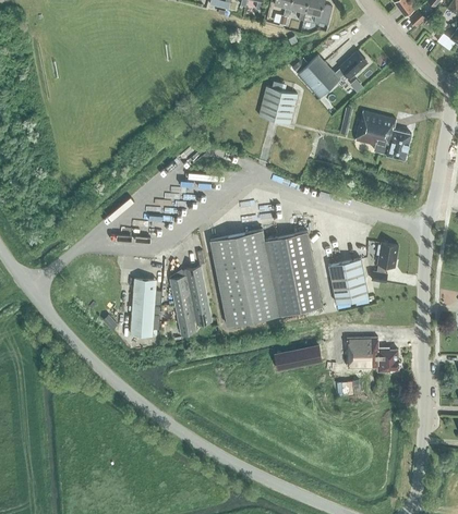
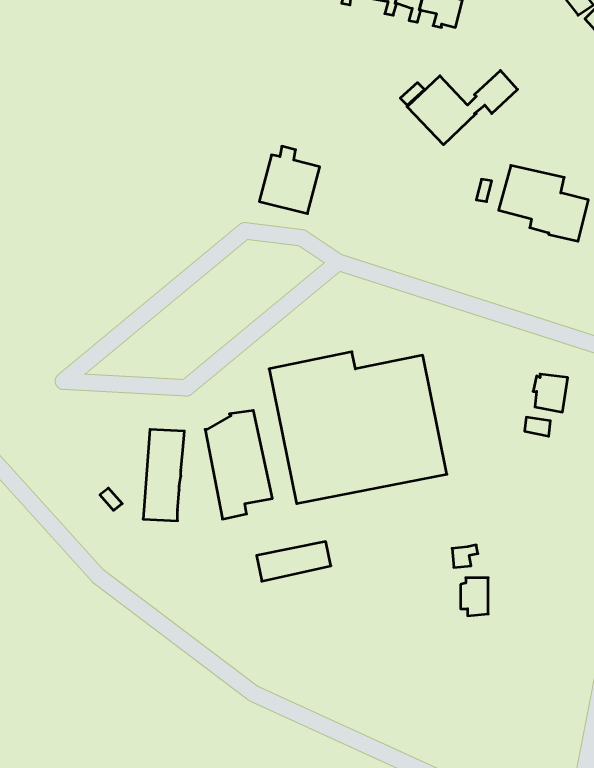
building: [258,81,297,123] -> [259,146,320,214]
building: [328,258,367,304] -> none
building: [347,338,398,370] -> none
building: [275,345,322,370] -> [257,542,331,581]

